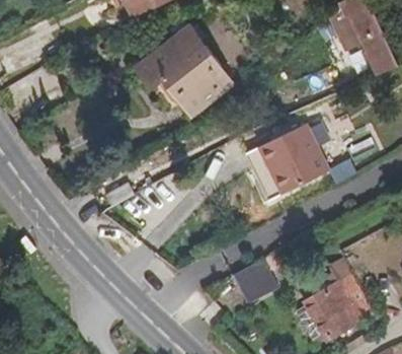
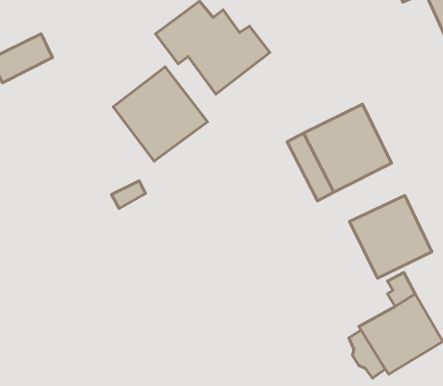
building: none -> [113,67,207,161]
building: none -> [350,196,432,278]
building: [232,257,279,301] -> none

